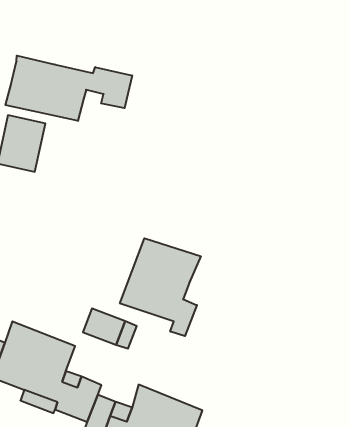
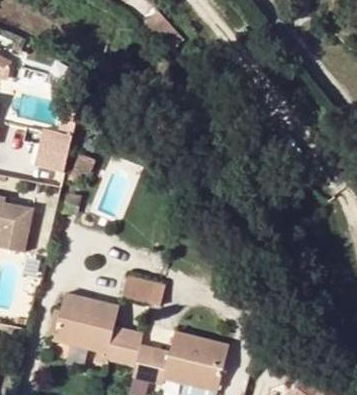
building: [5,56,132,121] -> none
building: [120,238,201,336] -> none

